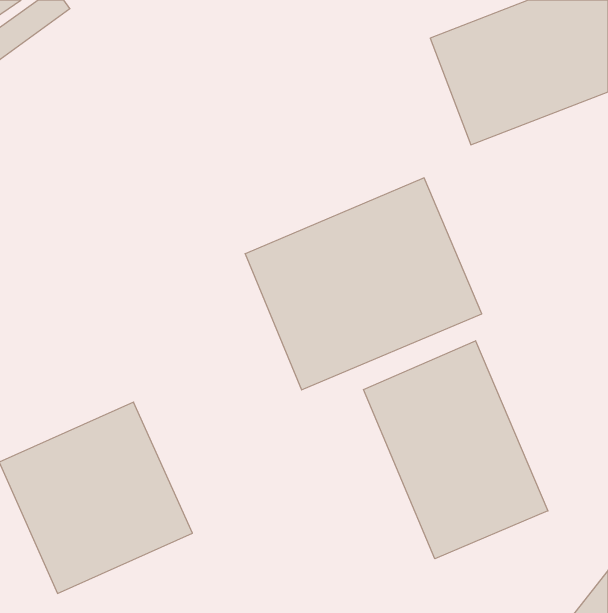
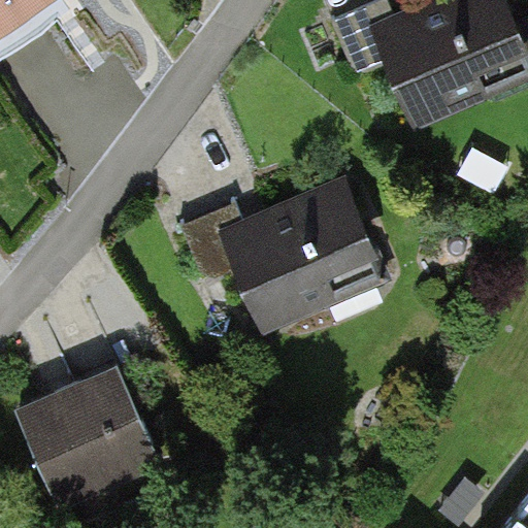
building: [363,341,548,559] -> none

